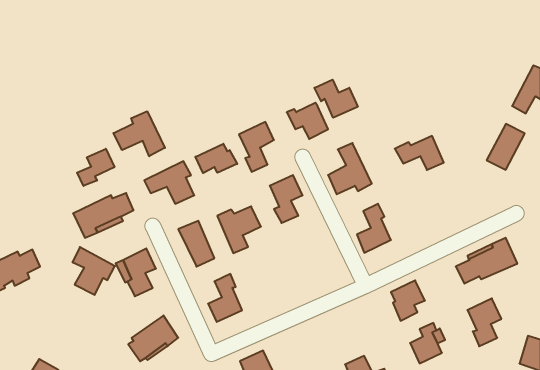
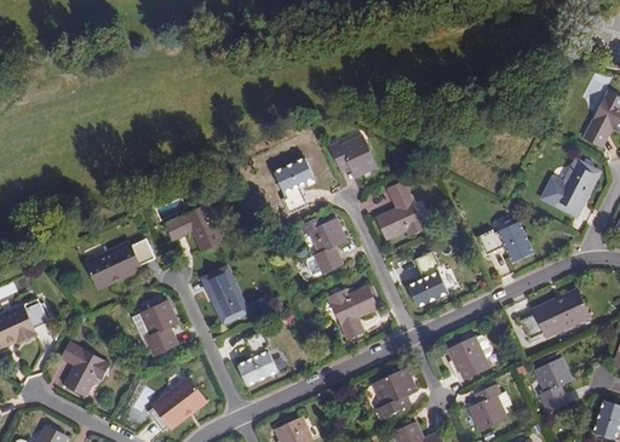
building: [314,80,358,118] -> none
building: [113,111,165,156] -> none
building: [395,136,444,170] -> [476,220,532,259]
building: [195,144,237,173] -> none
building: [77,149,114,186] -> none
building: [217,206,261,253] -> [328,285,378,338]
building: [72,247,115,295] -> [61,340,109,395]
building: none -> [378,368,415,414]

